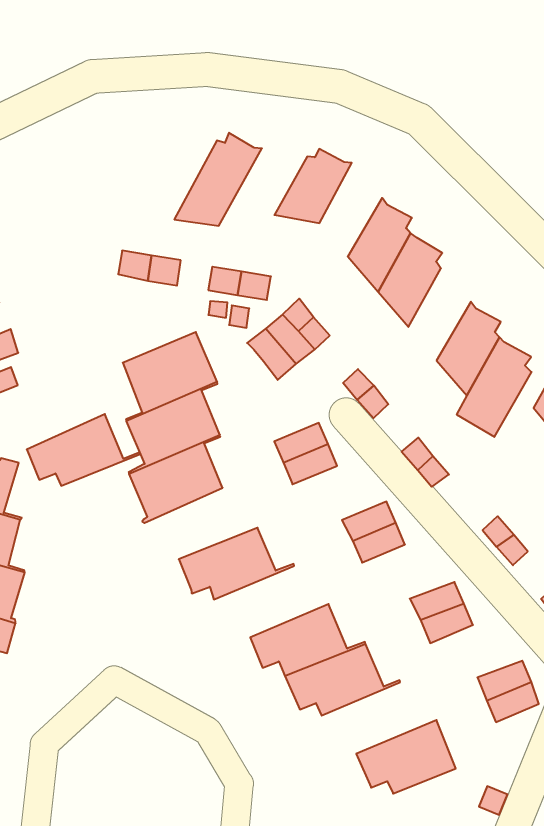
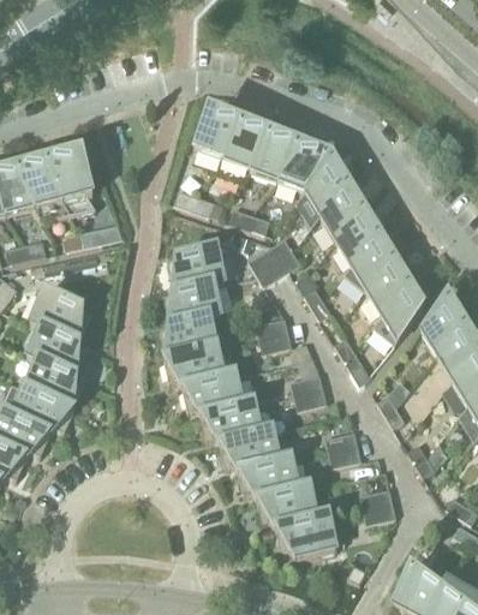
building: none -> [190,111,249,171]
building: none -> [241,131,304,180]
building: none -> [305,153,348,211]
building: none -> [351,228,394,286]
building: [27,414,140,486] -> [165,345,235,386]
building: none -> [201,401,273,442]
building: none -> [257,485,329,526]

